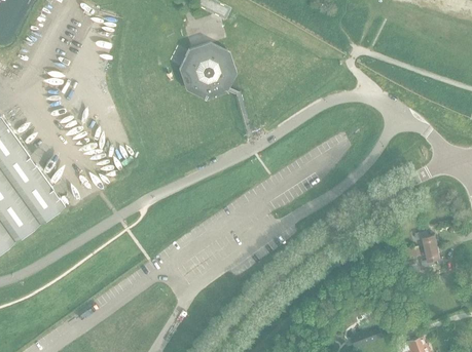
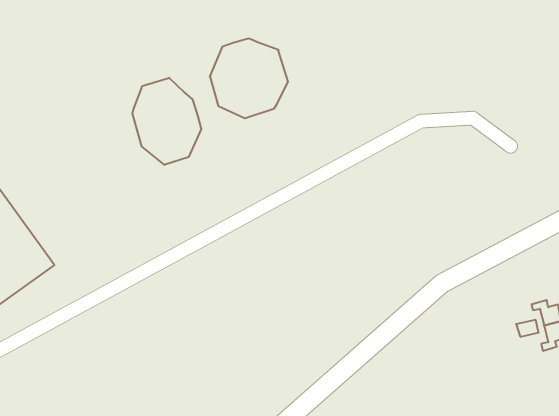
building: none -> [132,78,201,165]

